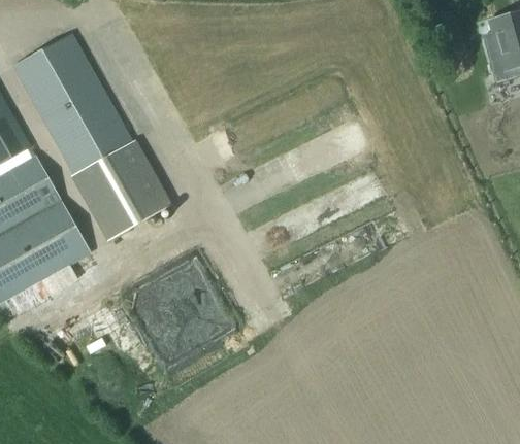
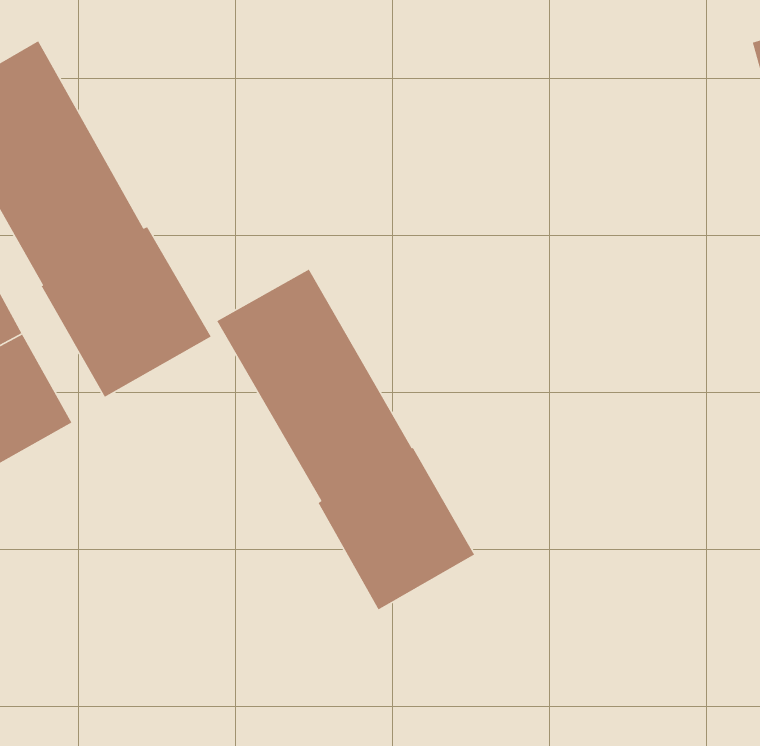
building: none -> [216,268,475,611]

